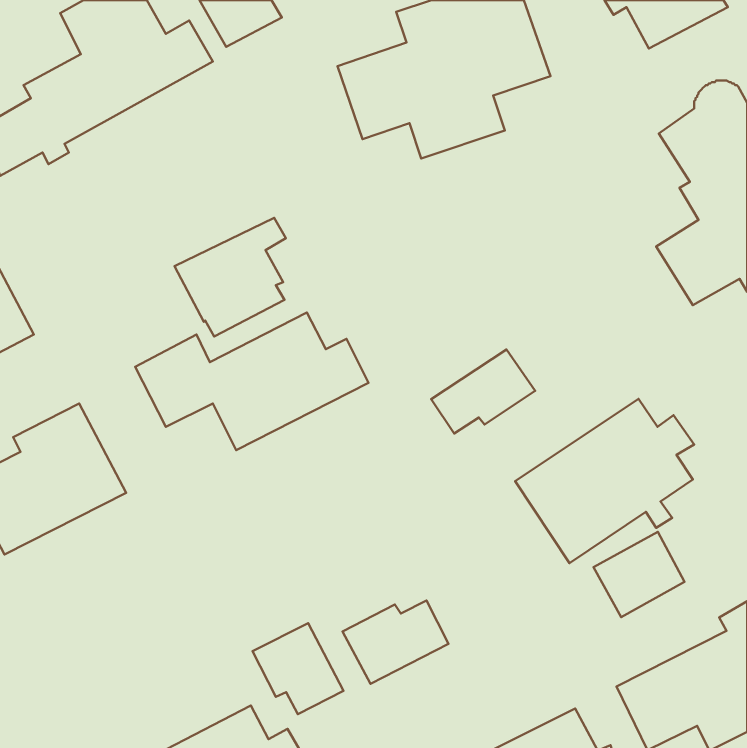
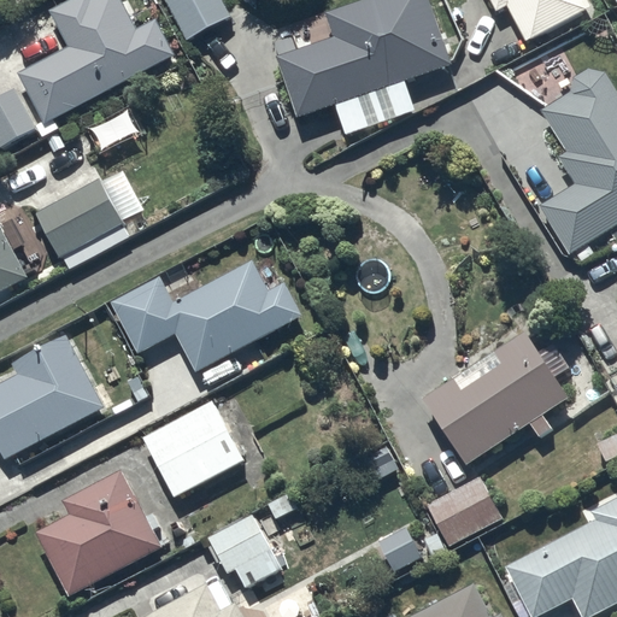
building: [174,218,286,337] -> [35,171,127,269]
building: [431,350,535,434] -> none
building: none -> [142,399,245,498]
building: [593,532,684,617] -> [425,475,500,545]
building: none -> [34,469,170,597]
building: [343,601,449,684] -> none

